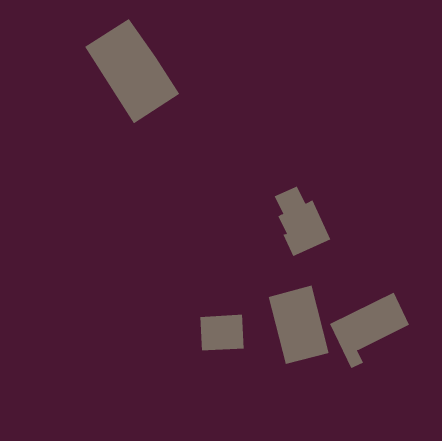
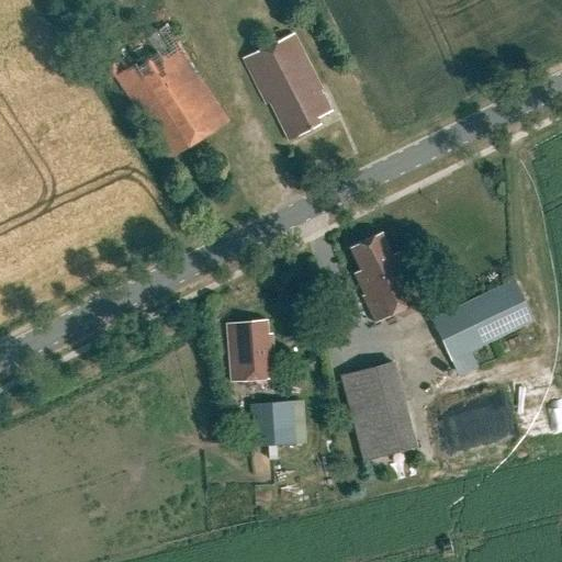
building: none -> [245,33,331,138]
building: none -> [224,318,276,380]
building: [329,292,410,369] -> [431,279,533,376]

